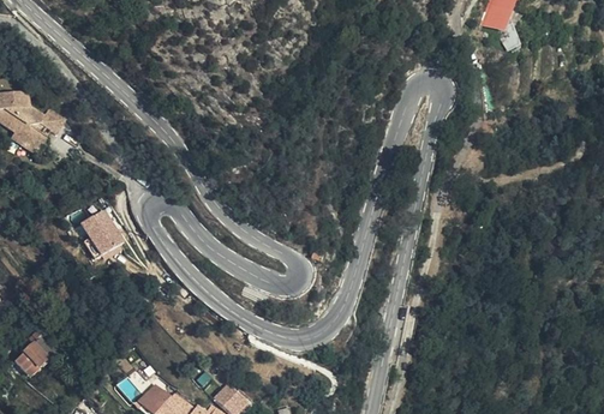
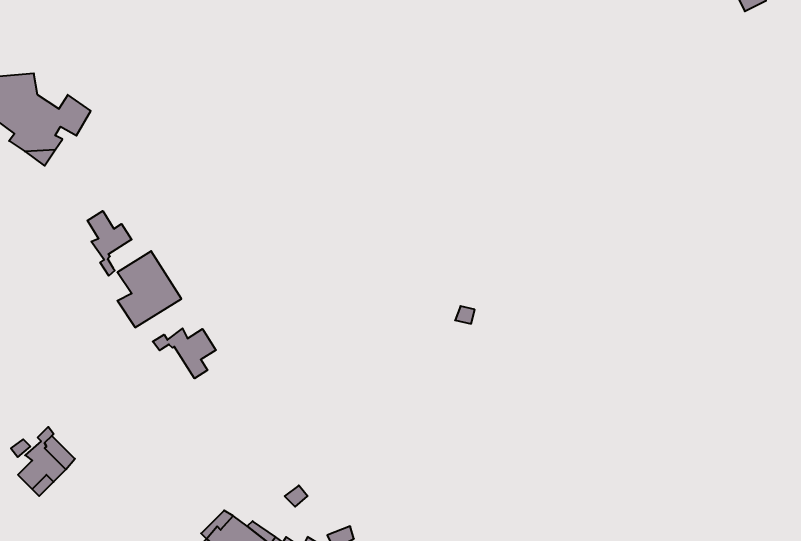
building: none -> [87,211,132,276]
building: none -> [153,328,216,378]

